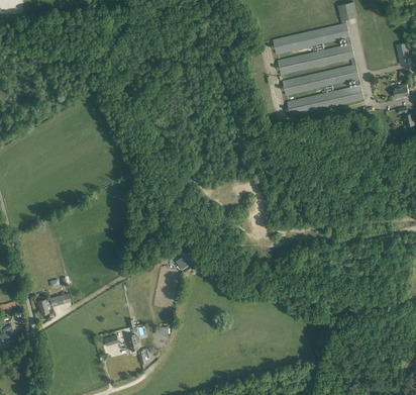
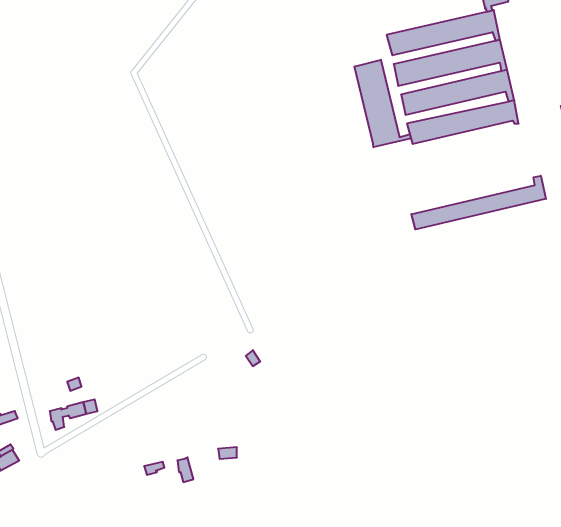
building: none -> [355,60,411,147]
building: none -> [411,176,546,229]

